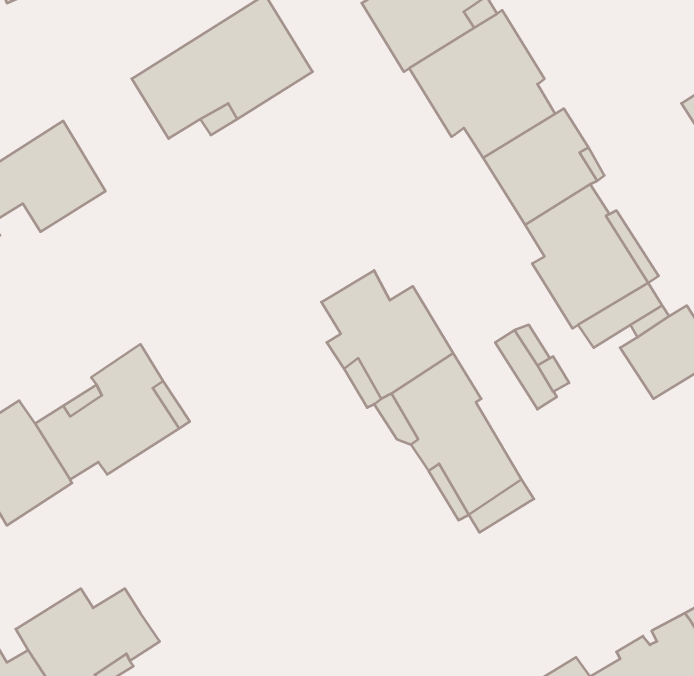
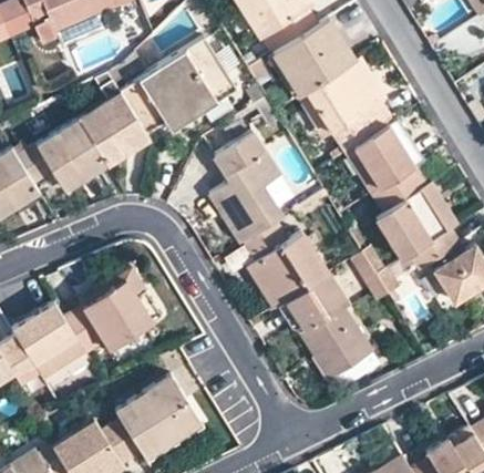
building: none -> [78,95,148,168]
building: none -> [206,130,278,239]
building: none -> [112,373,196,454]

